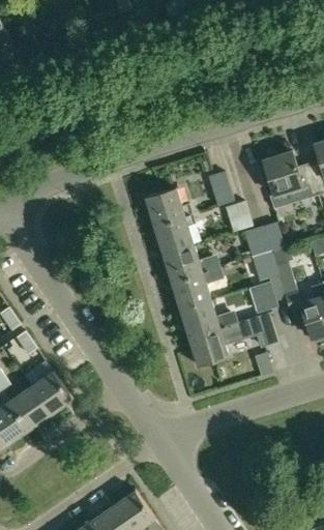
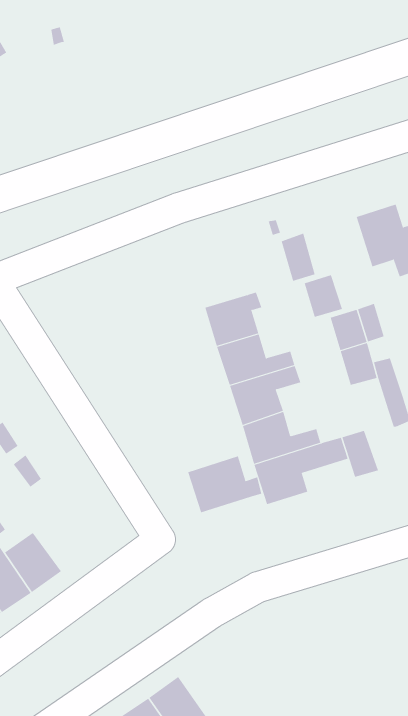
building: [145,187,190,225] -> none
building: [249,282,277,313] -> none
building: none -> [188,456,262,513]
building: [30,371,72,414] -> none

